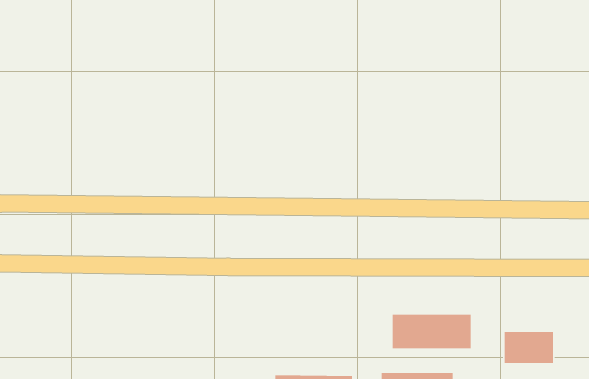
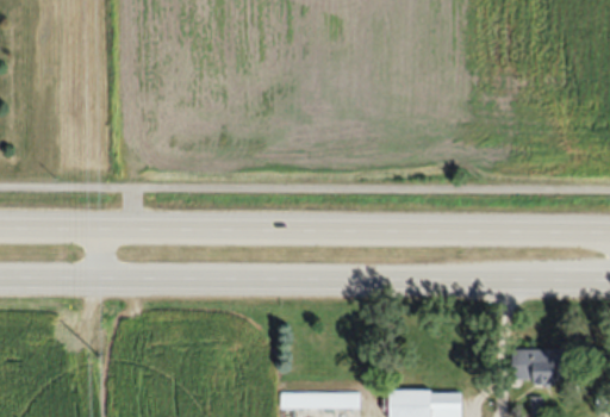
building: [392,314,472,349] -> none

